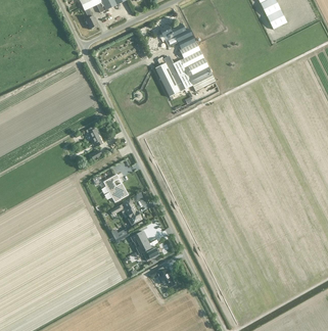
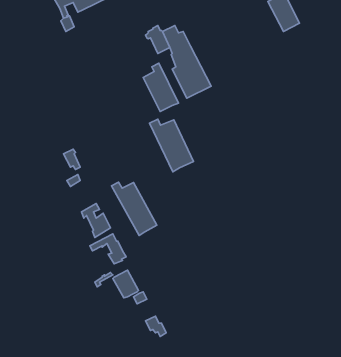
building: none -> [149,119,193,172]
building: none -> [111,182,157,235]

